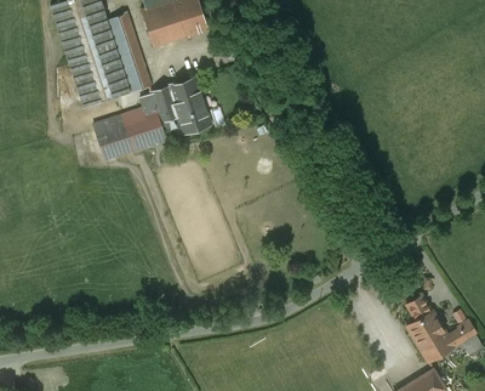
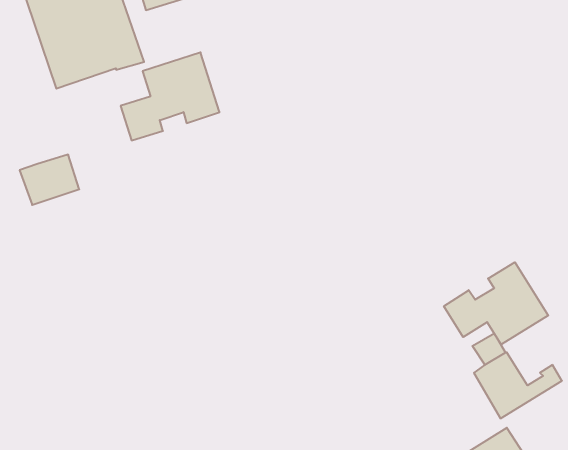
building: [96,119,142,158] -> [20,155,79,205]
building: none -> [444,262,548,344]

